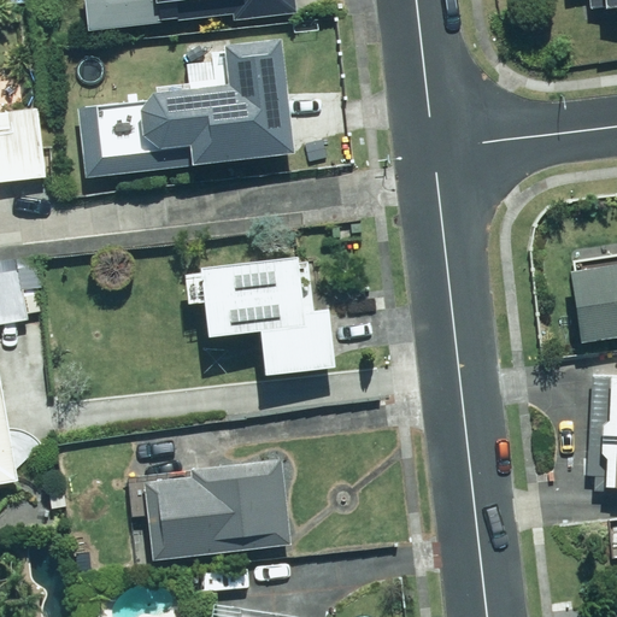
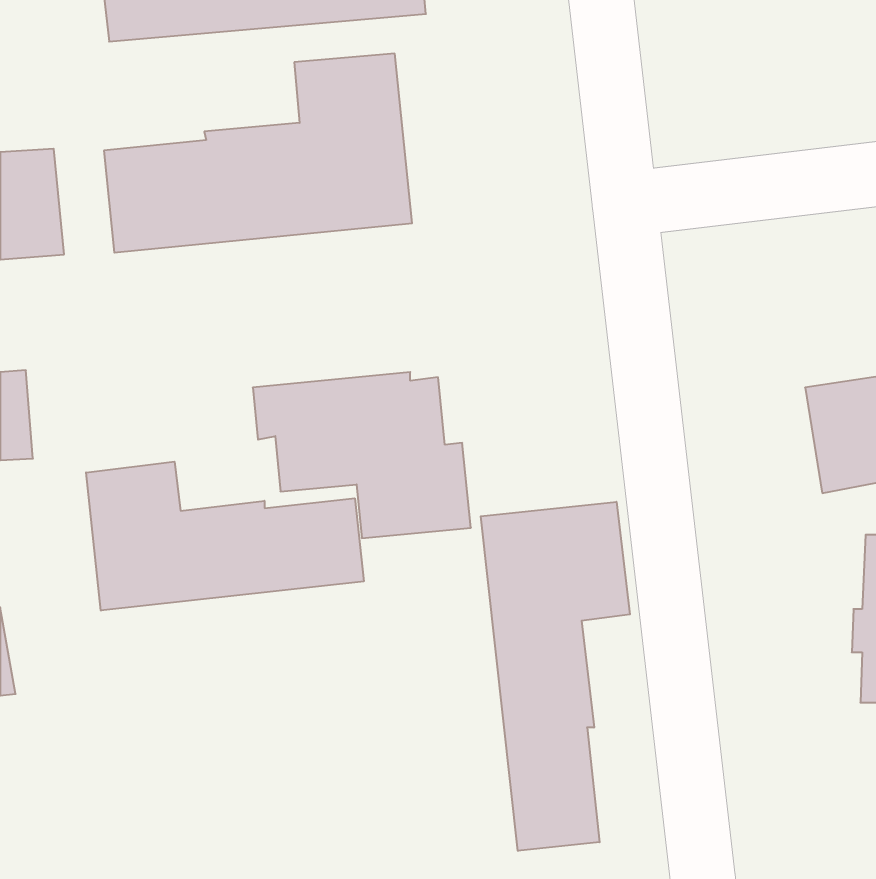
building: none -> [86,462,364,611]
building: none -> [481,502,630,851]
building: [139,459,290,563] -> none

